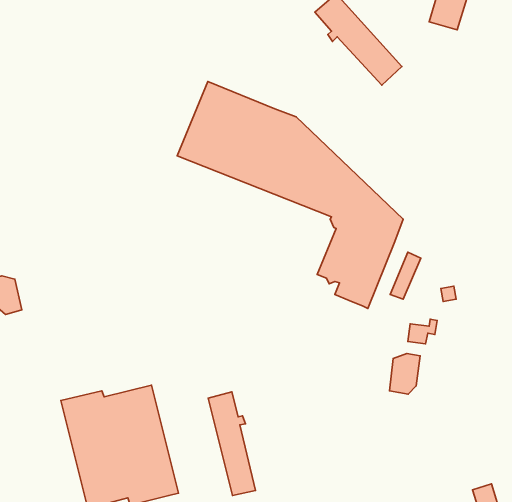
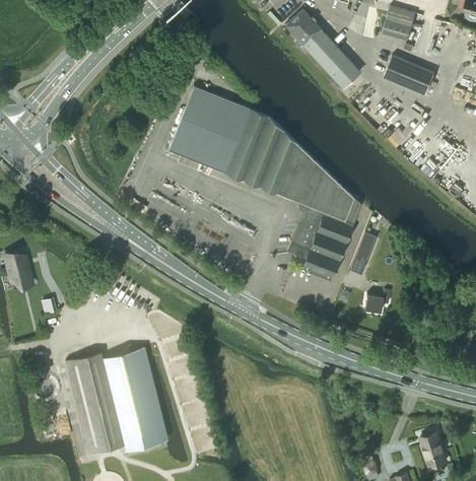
building: none -> [384,57,435,95]
building: [389,353,420,394] -> none
building: [208,392,256,496] -> none

